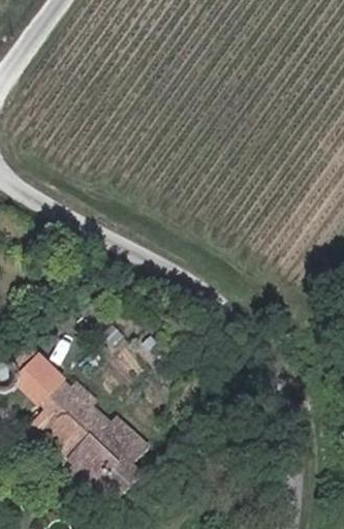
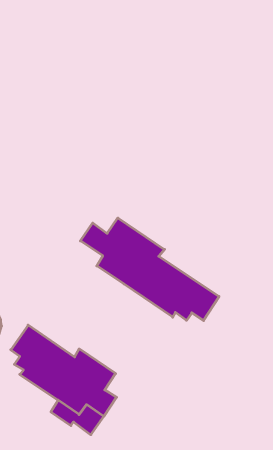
building: none -> [80,218,219,321]

